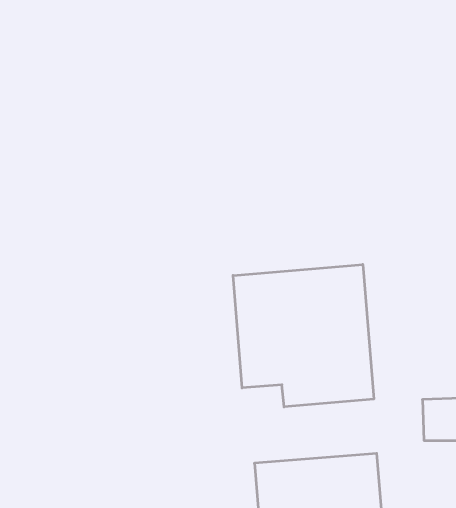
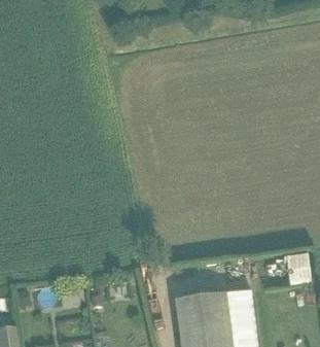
building: [233,264,374,407] -> none

